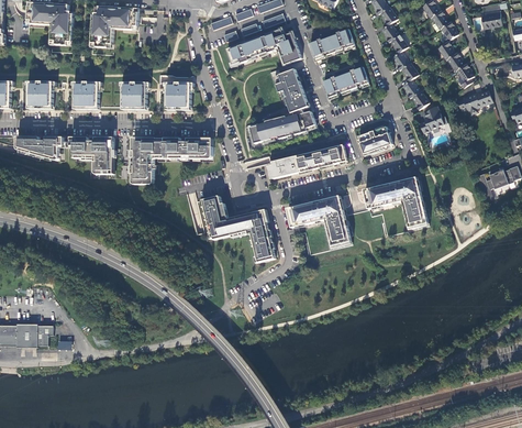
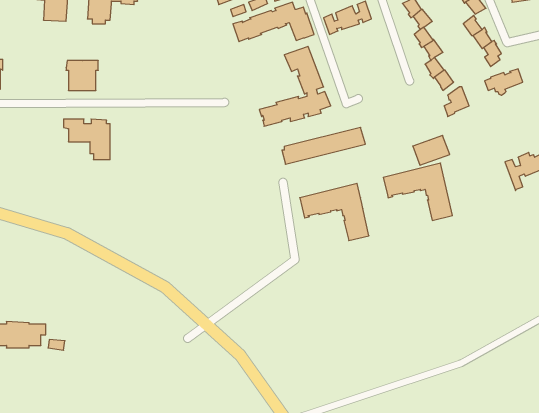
building: [321,65,366,96] -> none
building: [24,80,54,109] -> none
building: [119,81,148,109] -> none
building: [163,81,192,110] -> none
building: [357,124,391,152] -> [413,135,450,165]
building: [14,135,62,158] -> none
building: [130,136,210,183] -> none
building: [201,195,274,261] -> none

